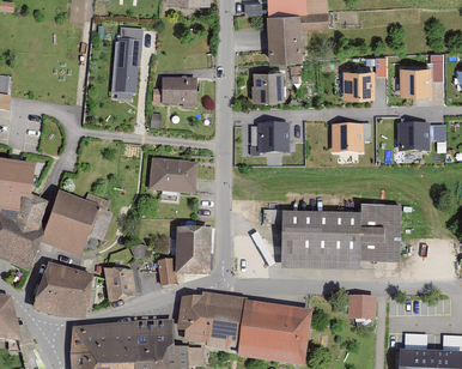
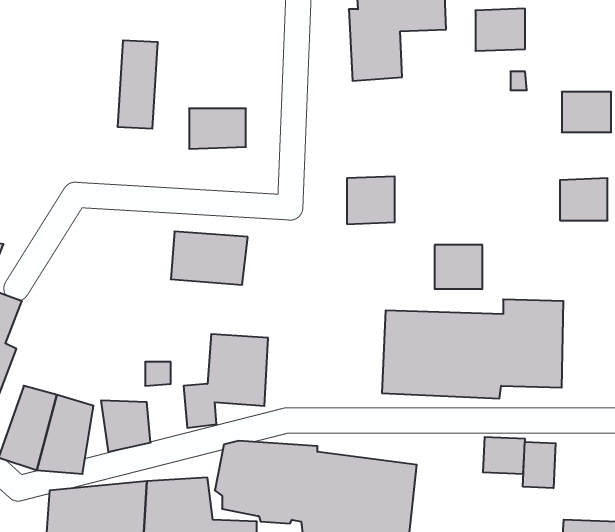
building: [344,69,376,97] -> [475,9,525,51]
building: [254,71,286,102] -> none
building: [334,125,365,153] -> [435,245,482,289]
building: [44,195,114,258] -> none
building: none -> [523,442,556,488]

